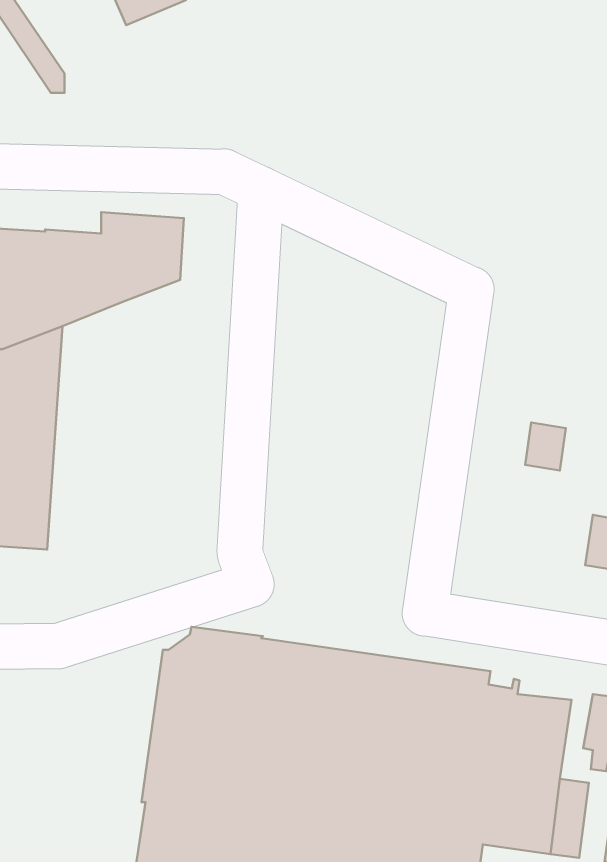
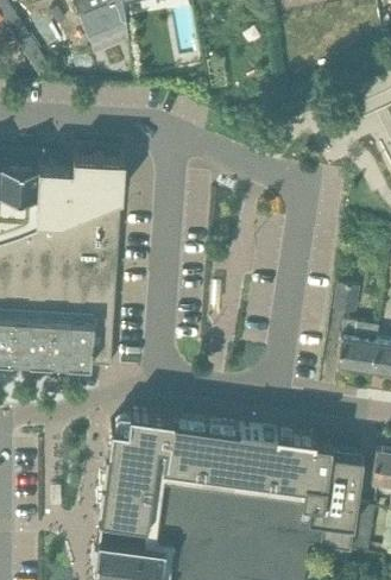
building: none -> [42,197,124,367]
building: none -> [338,323,380,373]

